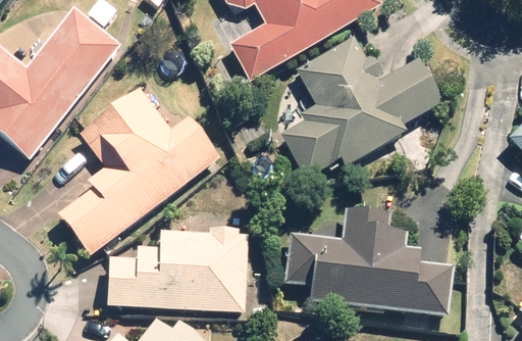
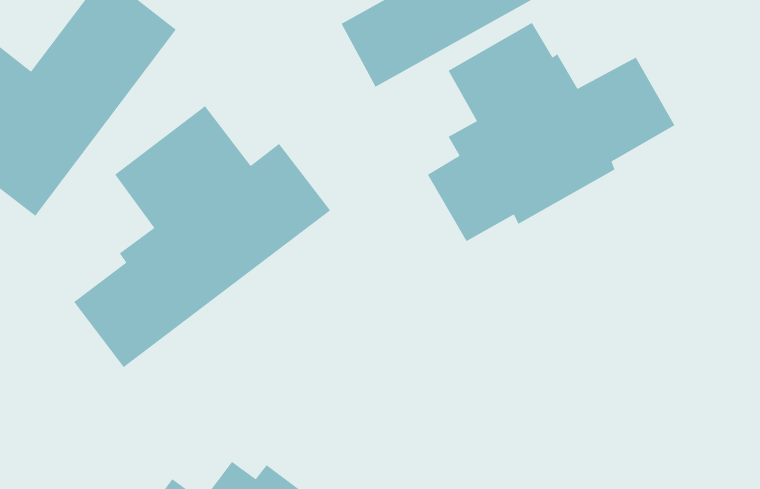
building: [283,206,457,314] -> none
building: [104,232,246,314] -> none

